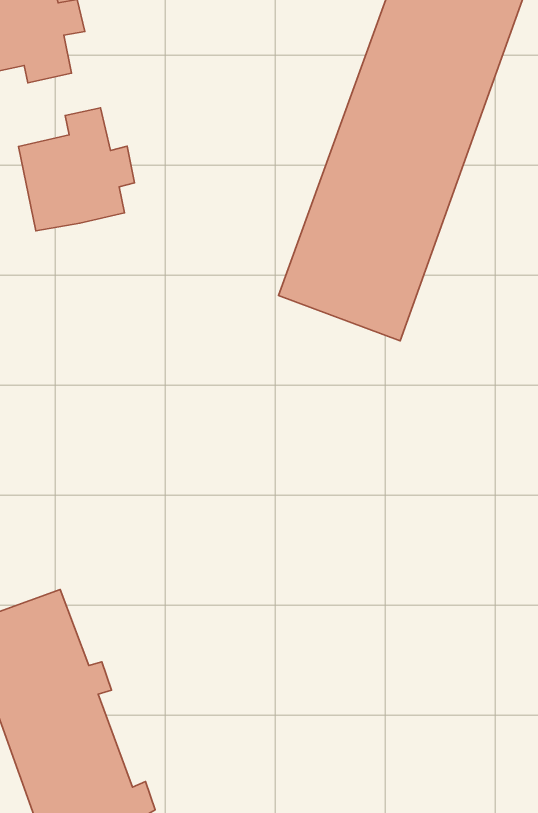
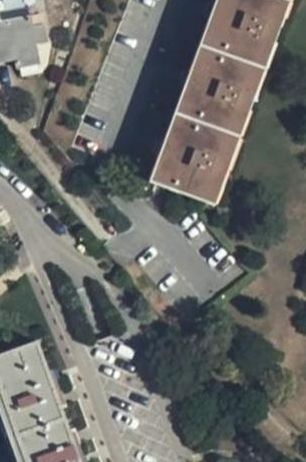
building: [18,108,135,231] -> none

